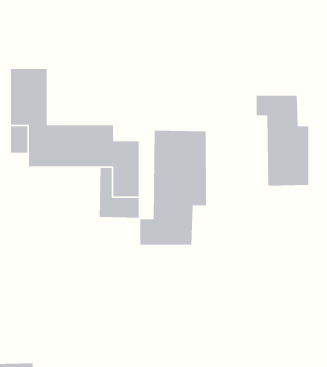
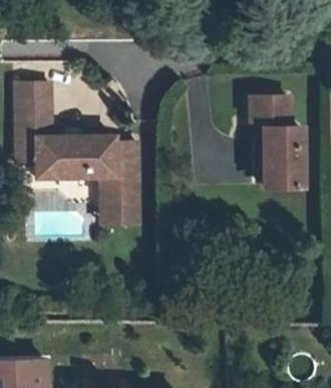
building: [139,130,207,245] -> none

